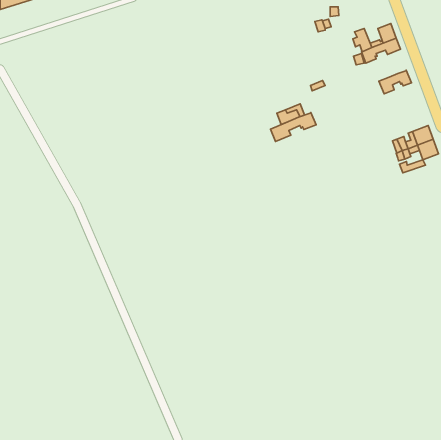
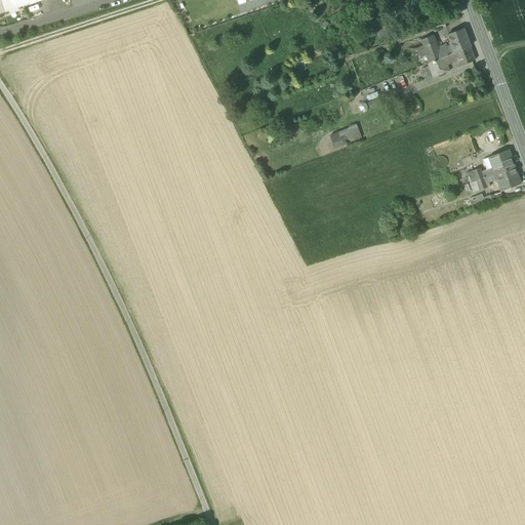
building: [379,70,411,94] -> none
building: [270,112,316,141] -> none

